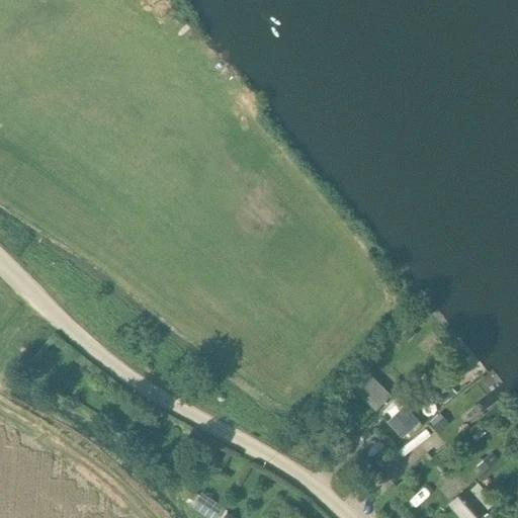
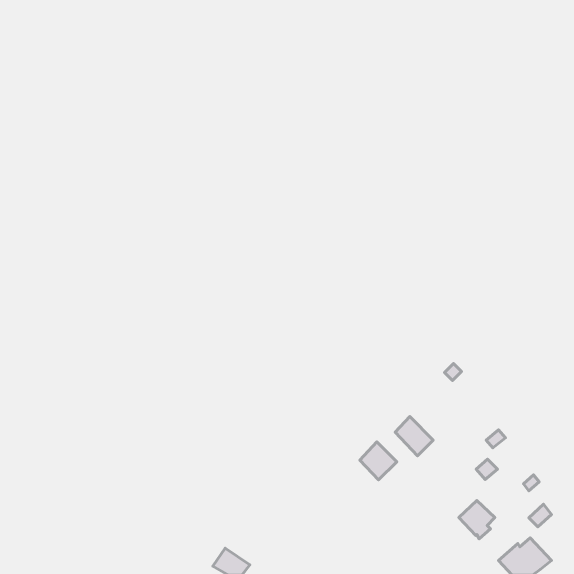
building: none -> [360,442,397,480]
building: [387,408,420,442] -> [459,501,495,539]

